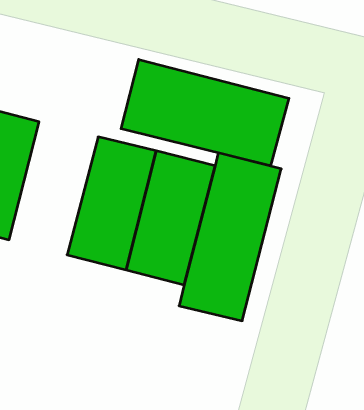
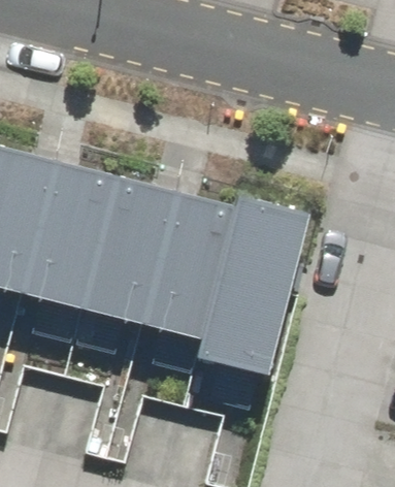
building: [121,59,289,166] -> none
building: none -> [26,167,118,304]

